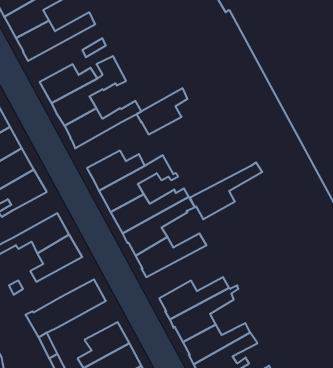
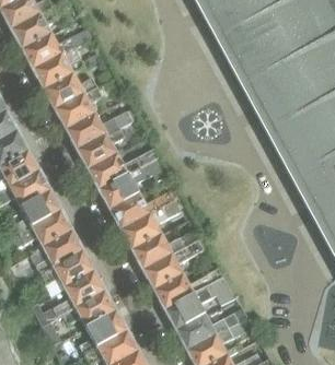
building: none -> [34,47,82,90]
building: [137,88,187,134] -> [78,127,125,169]
building: [190,162,262,219] -> [143,237,210,290]
building: none -> [14,191,61,234]
building: none -> [42,251,95,289]
building: none -> [62,292,117,328]

